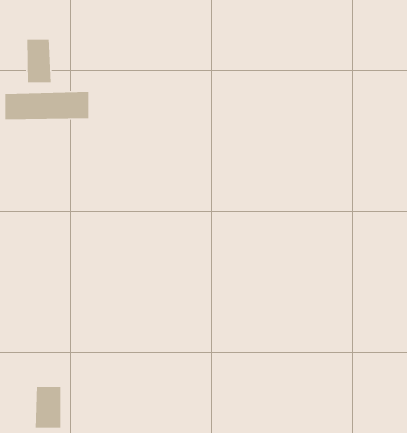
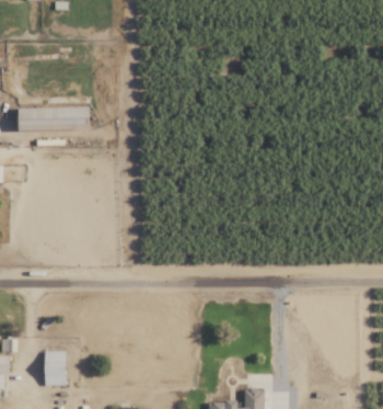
building: [27,39,52,83] -> none

